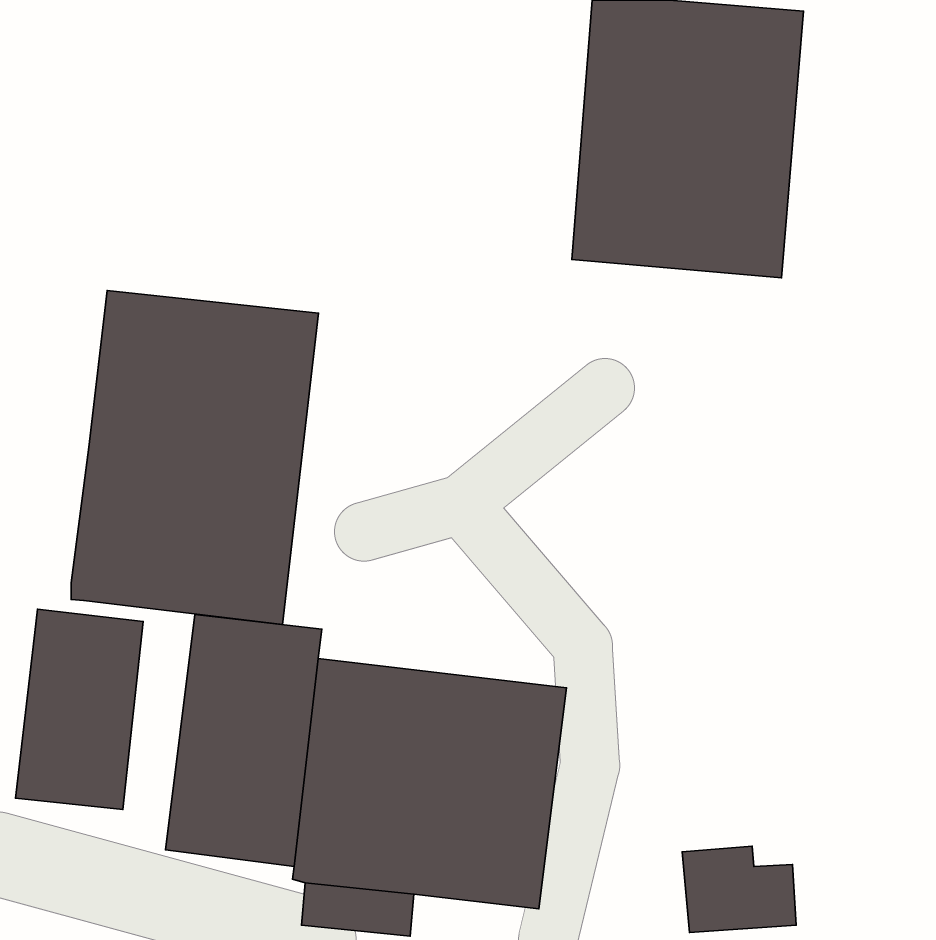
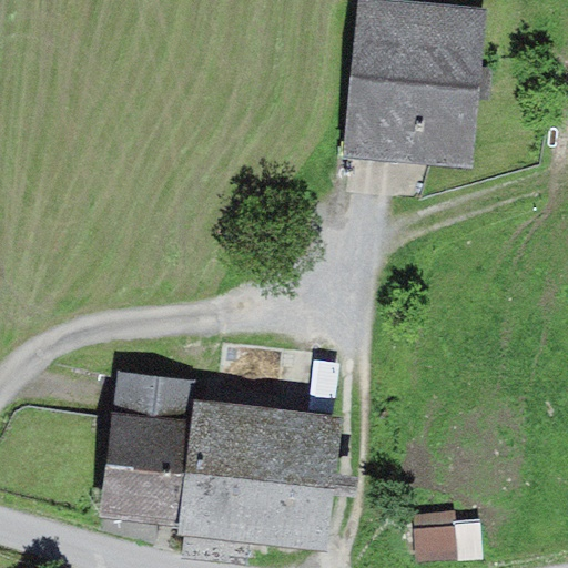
building: [71,290,319,625] -> none
building: [15,609,143,809] -> none

